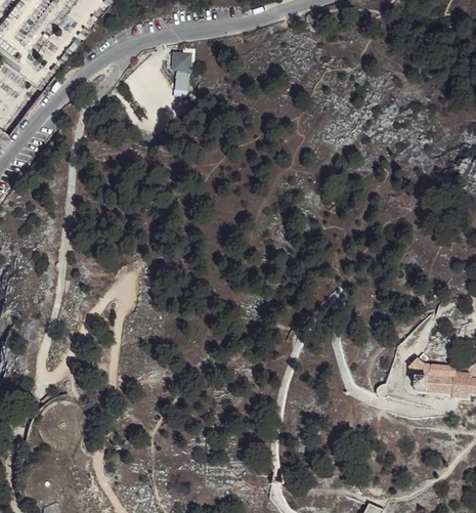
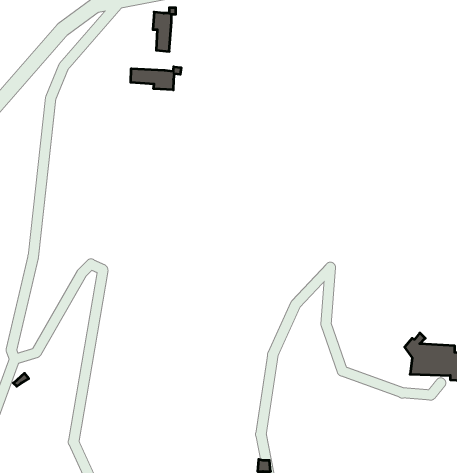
building: none -> [131,67,181,90]

